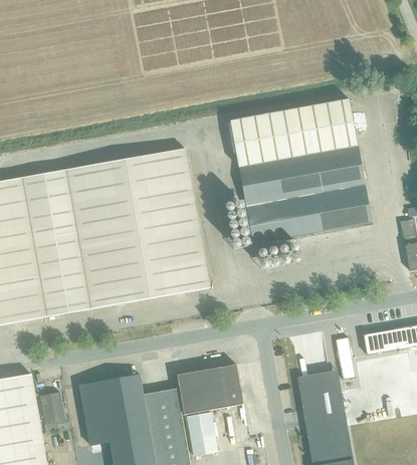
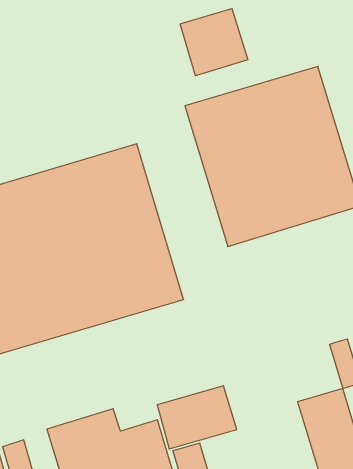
building: none -> [180,8,248,76]

